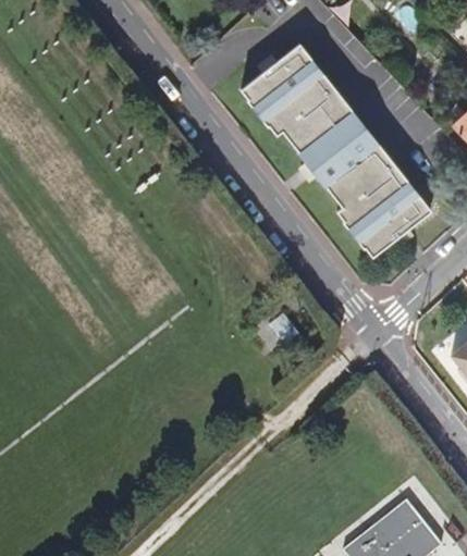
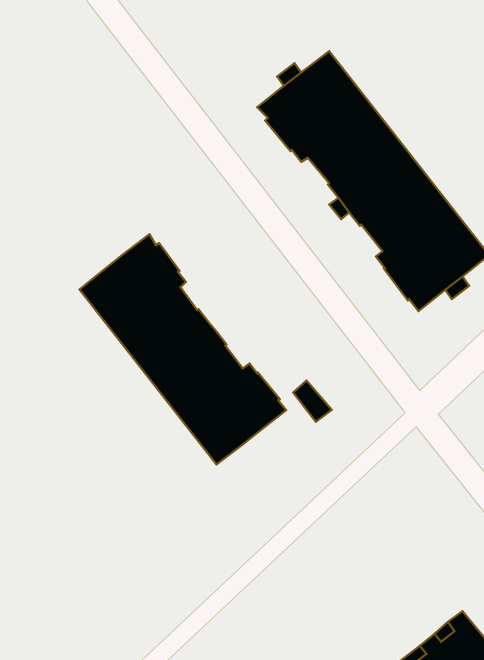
building: none -> [79,234,286,464]

